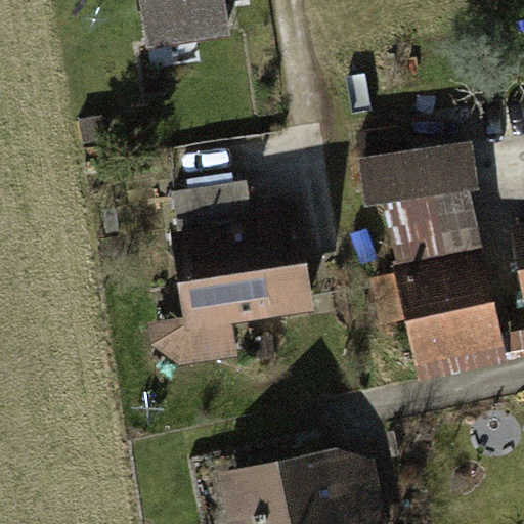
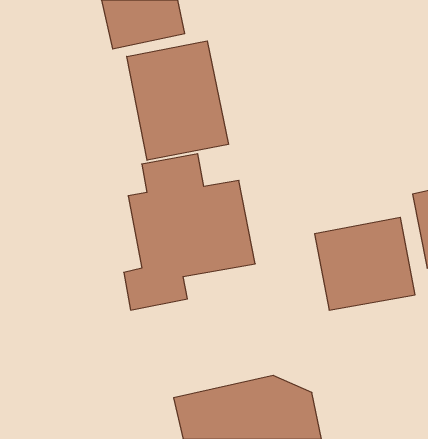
building: none -> [127,41,228,160]
building: [361,142,486,255] -> none

